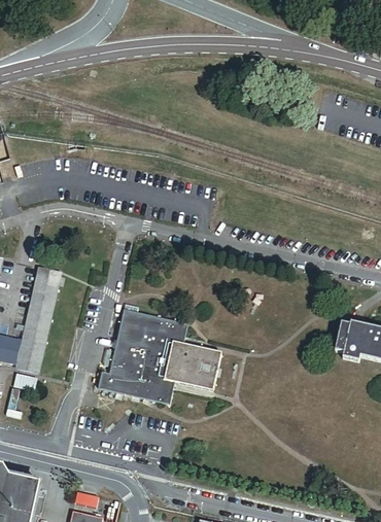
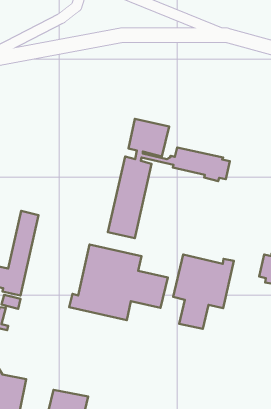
building: none -> [108,119,230,238]
building: none -> [173,255,234,329]

